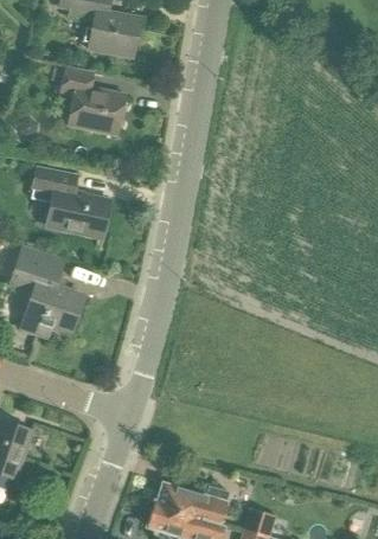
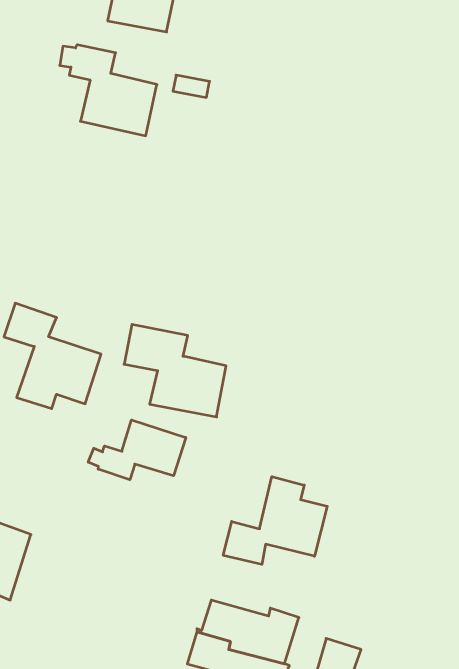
building: [30,169,105,238] -> [124,324,226,417]
building: none -> [88,420,186,480]
building: none -> [223,477,327,564]

